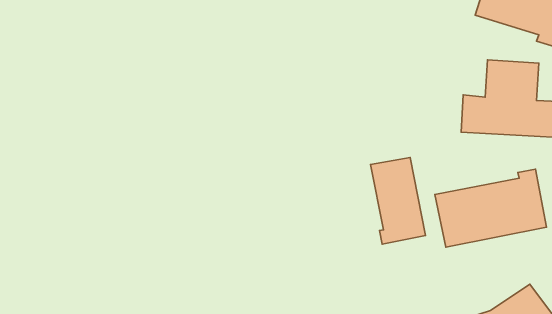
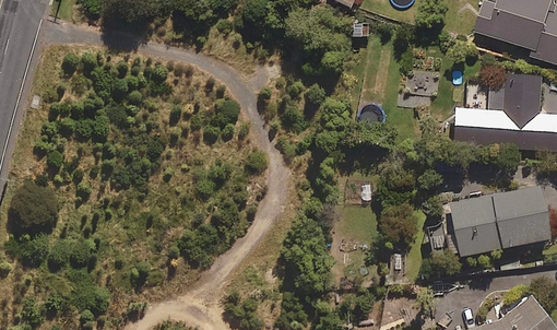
building: [371,157,425,244] -> none

